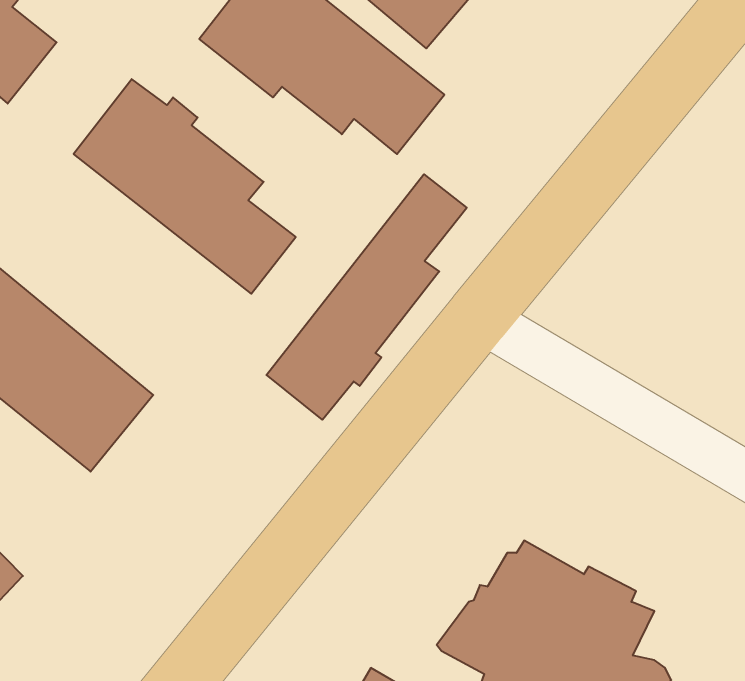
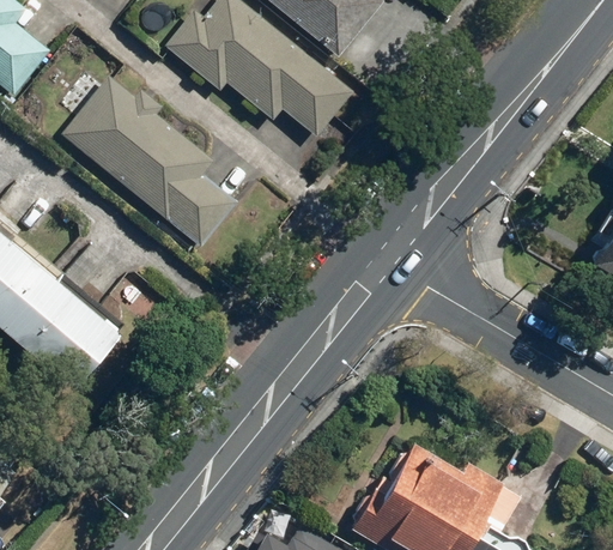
building: [266,174,467,420] -> none

